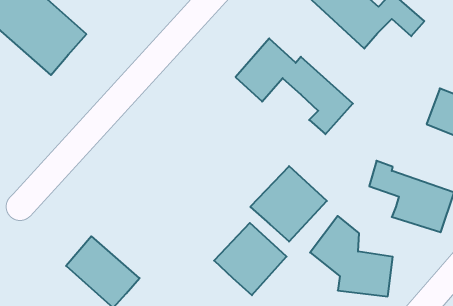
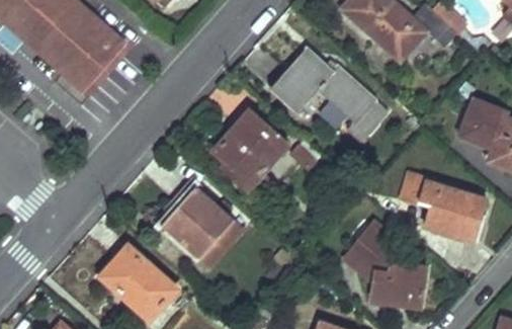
building: [250,166,327,242] -> [212,109,288,184]
building: [214,223,287,295] -> [160,186,232,258]

